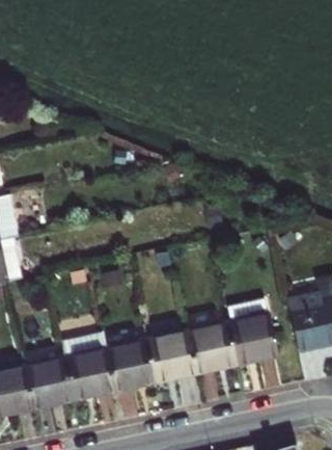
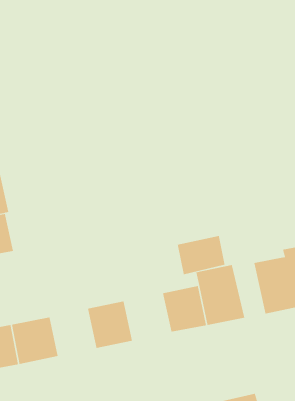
building: none -> [177,235,225,275]
building: [144,330,195,382] -> none
building: [60,333,113,399] -> none

